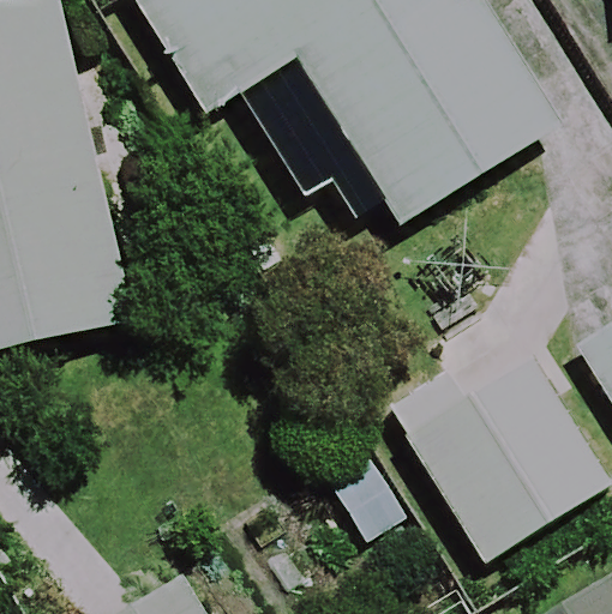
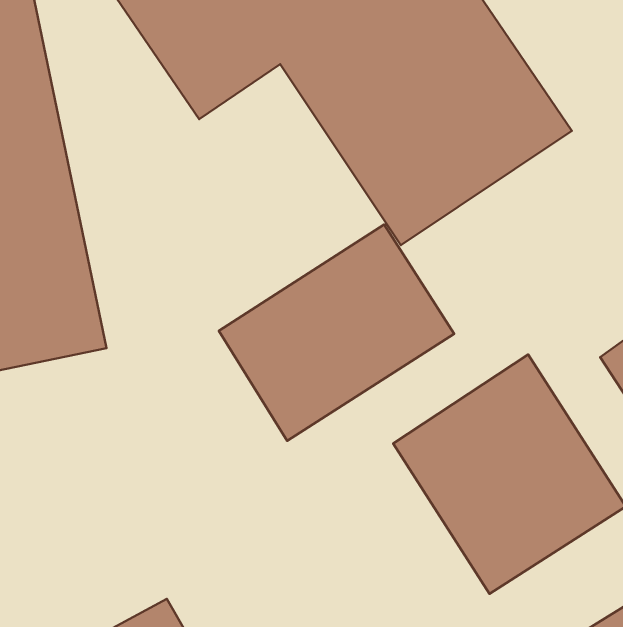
building: none -> [219,225,454,441]

